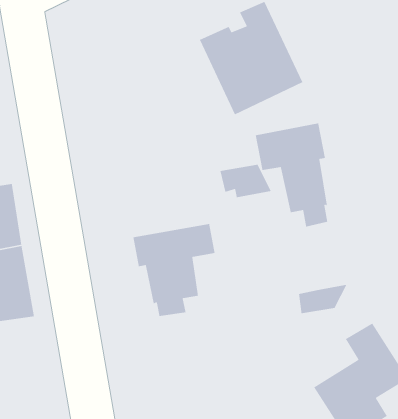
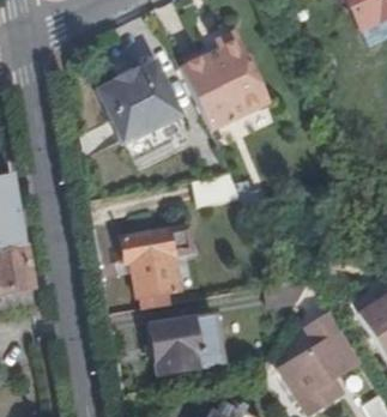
building: none -> [97,61,182,146]
building: [255,122,328,227] -> none
building: none -> [149,314,223,374]

